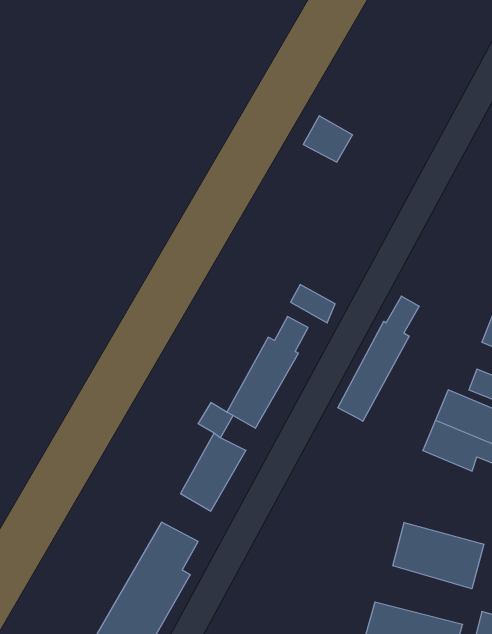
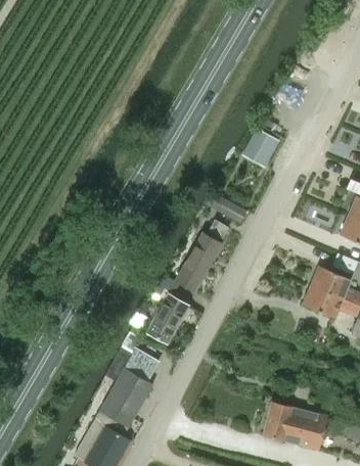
building: [303,116,353,162] -> [245,129,277,158]
building: [338,296,419,421] -> none
building: [393,522,484,589] -> none

